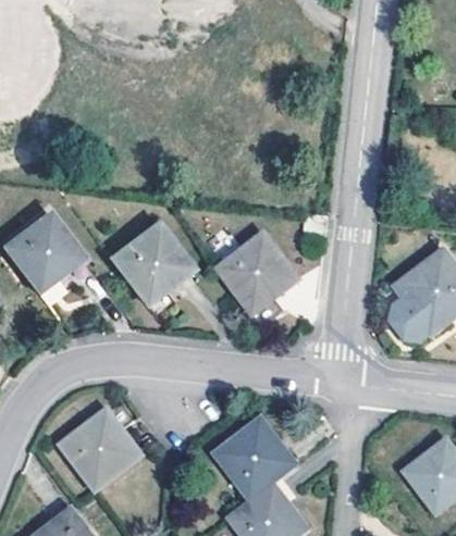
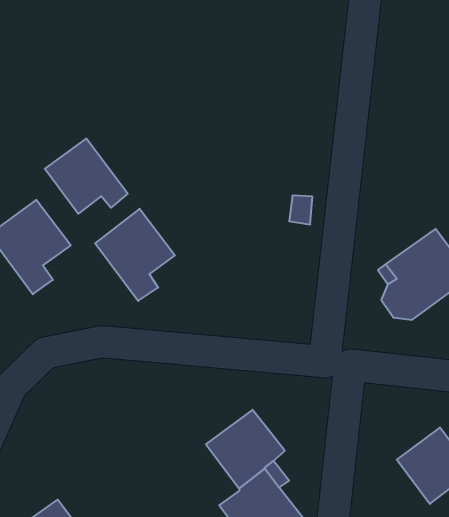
building: none -> [45,139,128,214]
building: [214,235,294,327] -> none
building: [62,400,141,488] -> none

